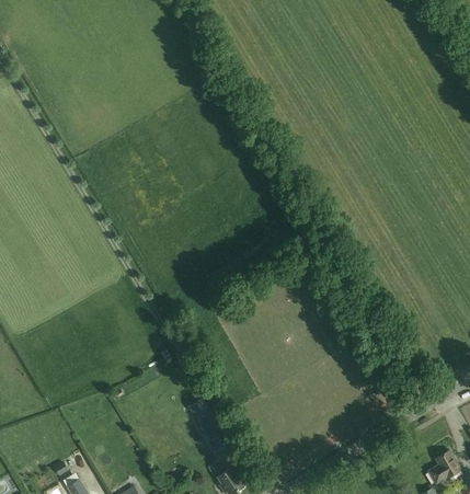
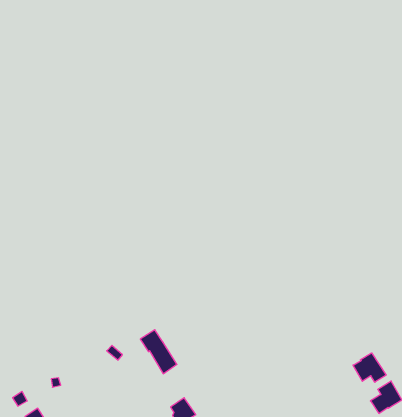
building: none -> [353,353,386,382]

